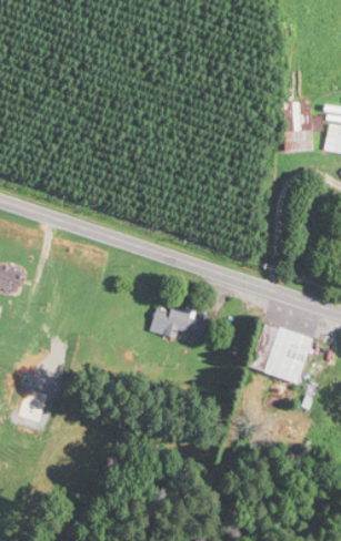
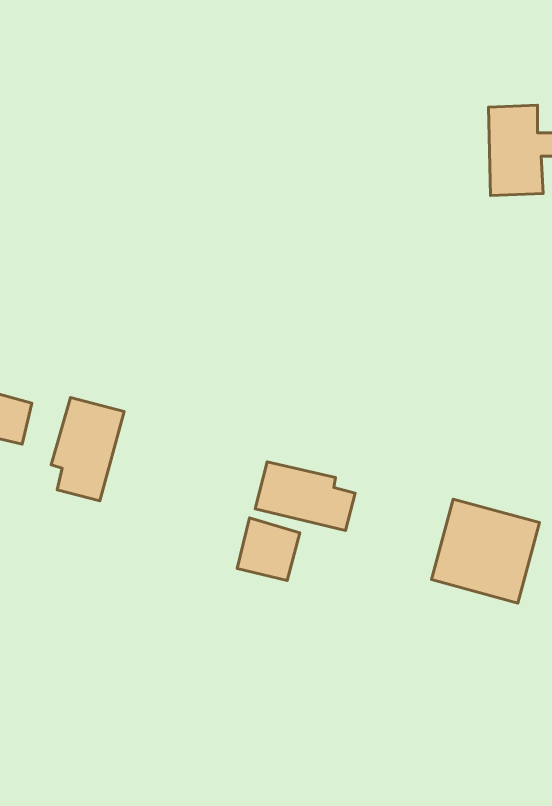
building: none -> [51,398,124,501]
building: none -> [237,518,300,581]

